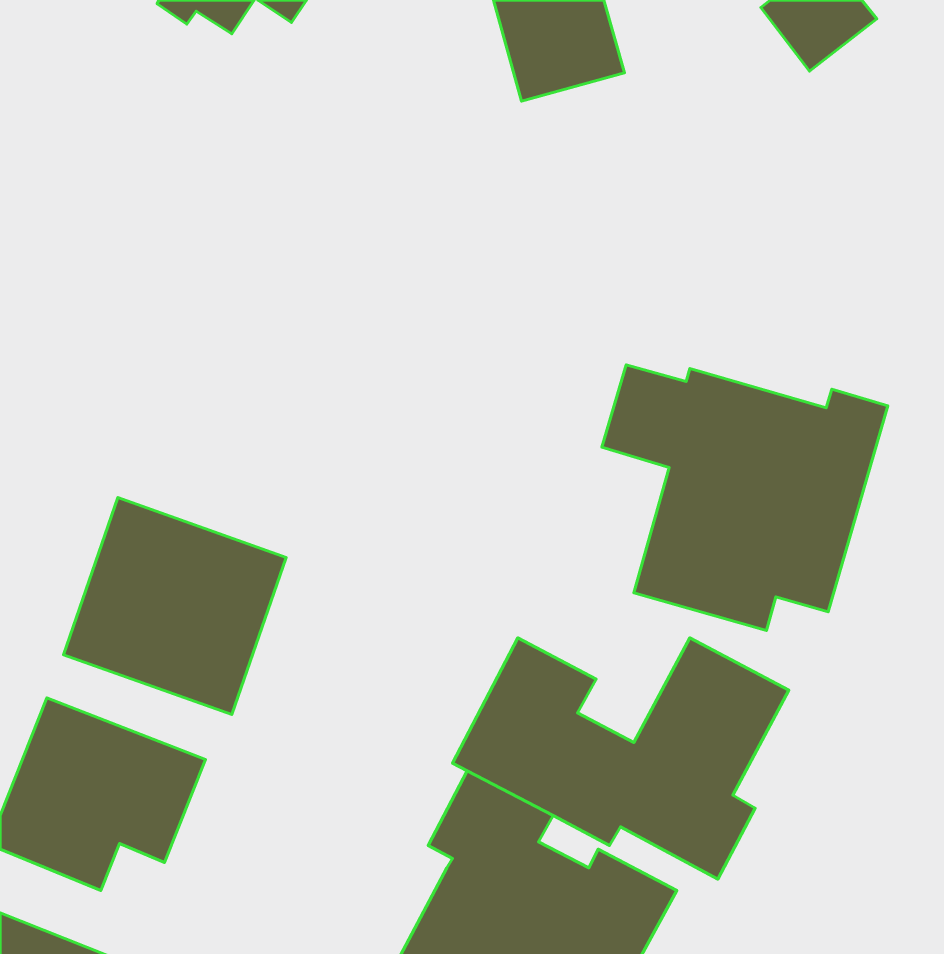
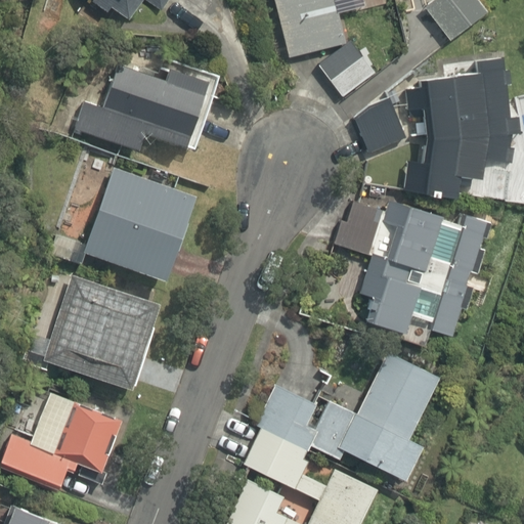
building: none -> [321,42,380,99]
building: none -> [353,54,513,202]
building: none -> [74,59,215,149]
building: none -> [86,164,195,278]

